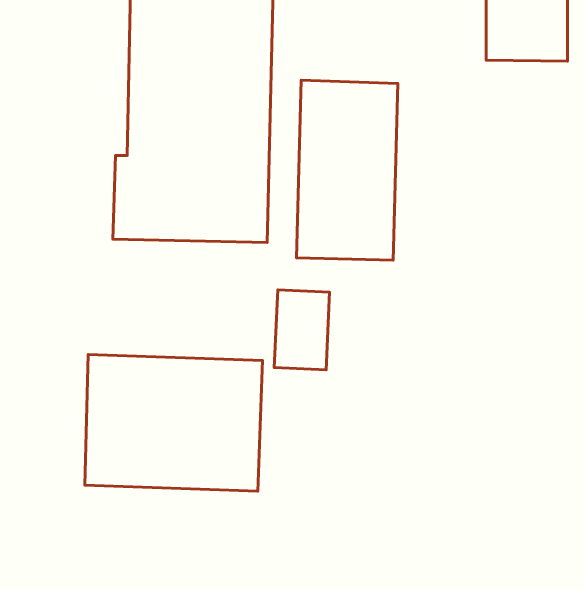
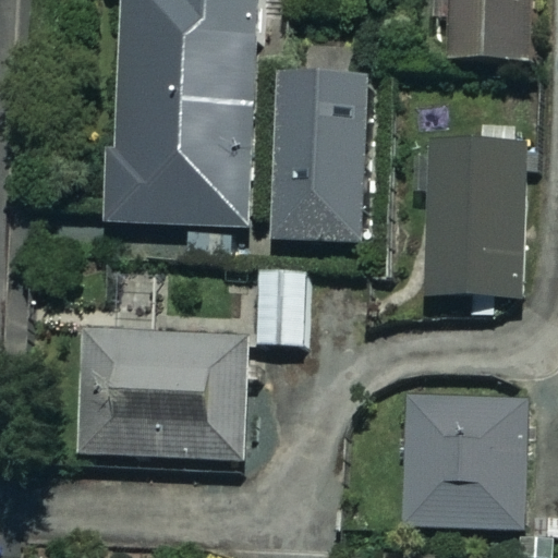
building: none -> [427,142,522,303]
building: none -> [401,395,527,526]

